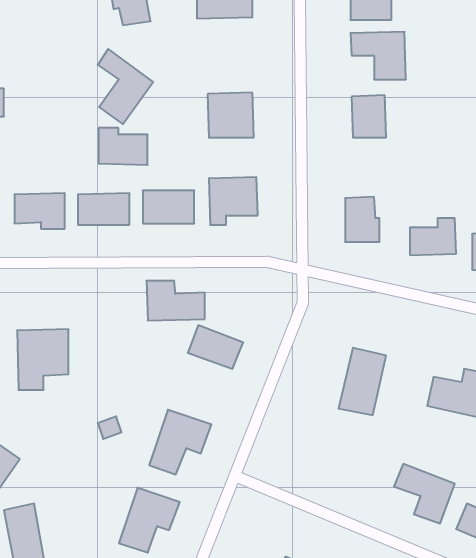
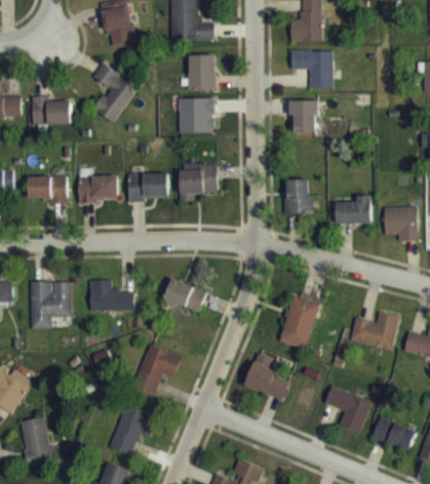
building: none -> [188,54,217,90]
building: [99,128,148,165] -> [33,95,71,124]
building: [146,281,205,320] -> [89,280,134,311]
building: none -> [243,353,288,401]

